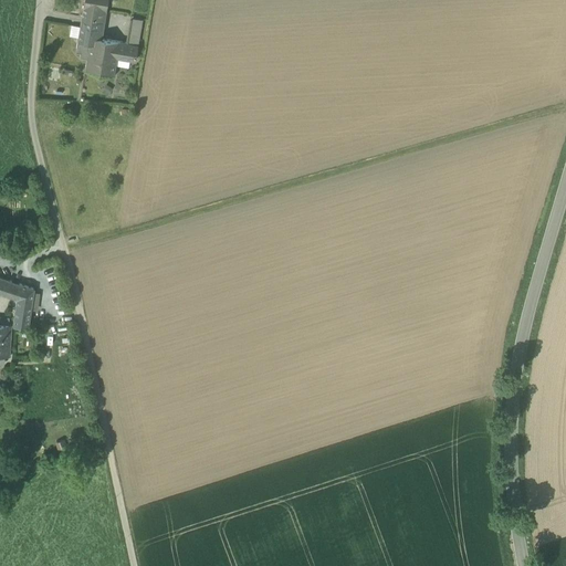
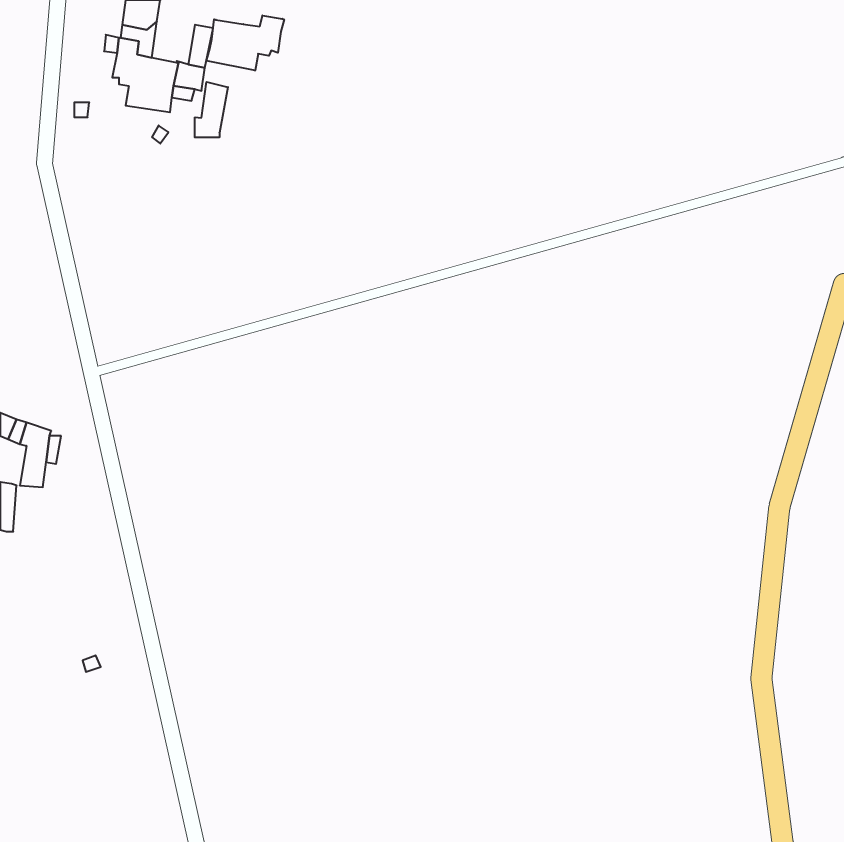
building: none -> [207,15,284,71]
building: none -> [195,82,228,137]

